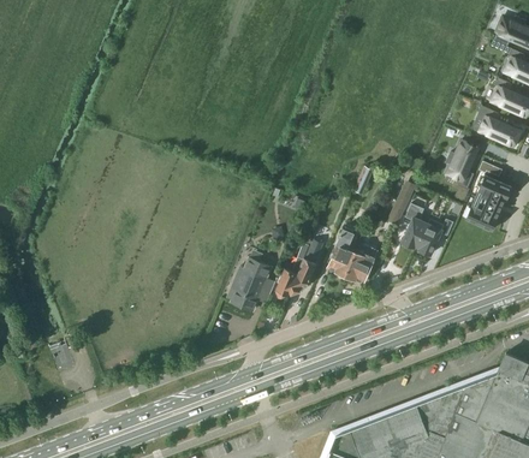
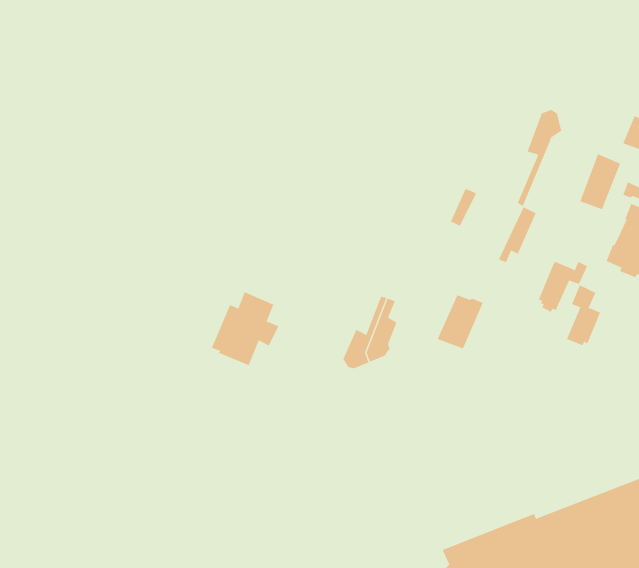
building: none -> [517,109,562,207]
building: [402,202,427,246] -> [566,284,601,346]
building: [327,227,355,274] -> none
building: [226,256,275,310] -> [211,291,279,366]

